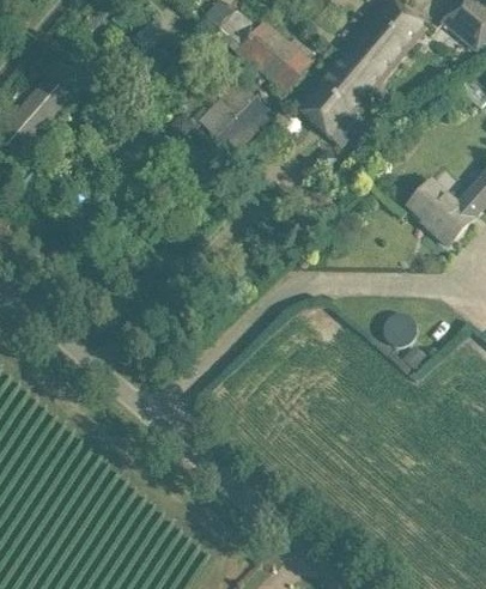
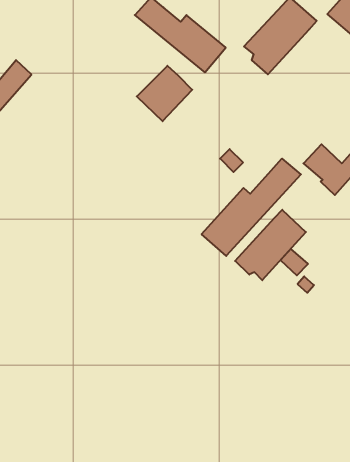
building: [294,60,365,147] -> none
building: none -> [202,159,301,256]
building: none -> [235,210,306,280]

